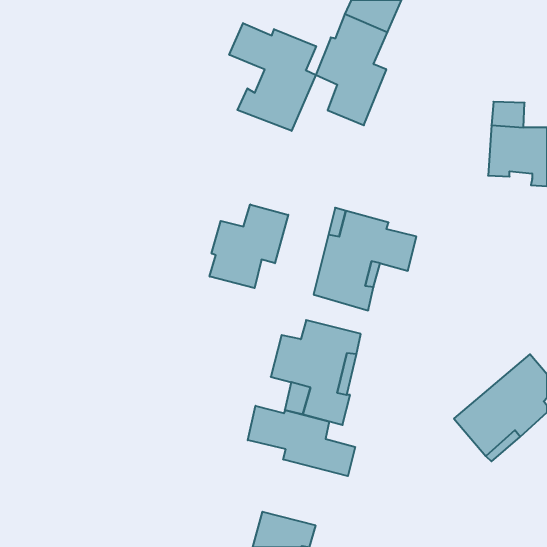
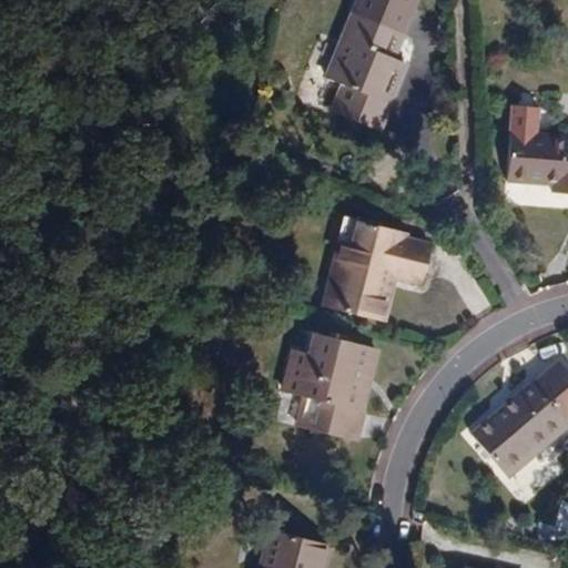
building: [229,23,316,131] -> none
building: [210,204,288,288] -> none
building: [248,406,355,476] -> none

